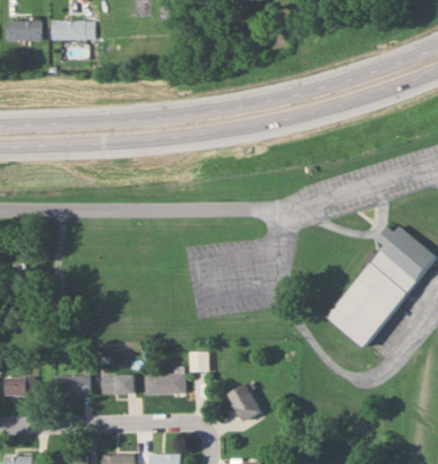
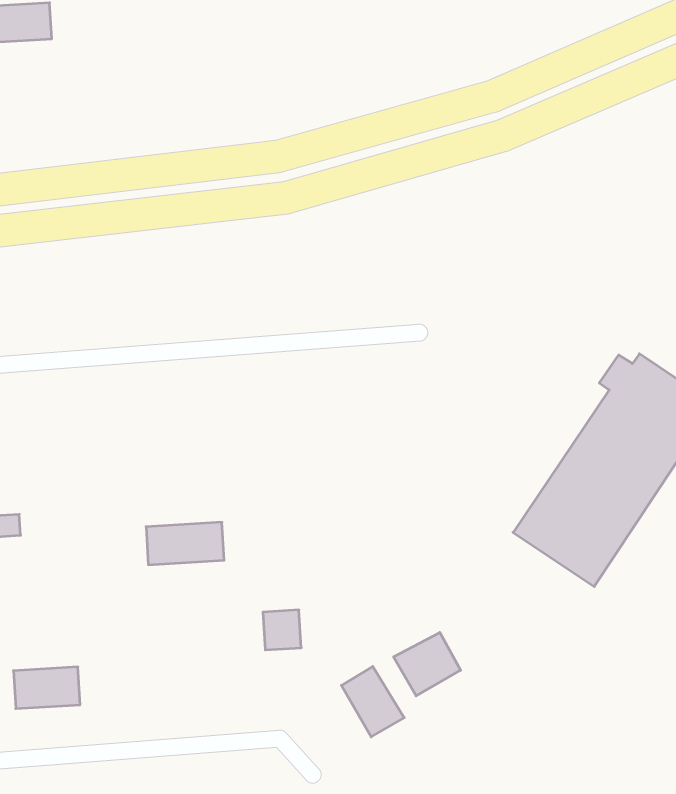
building: none -> [394,632,461,696]
building: [144,374,185,394] -> [146,522,224,565]
building: [100,375,133,393] -> none

